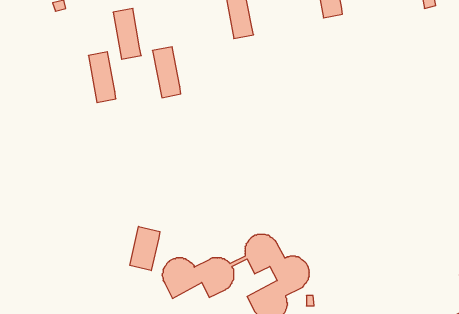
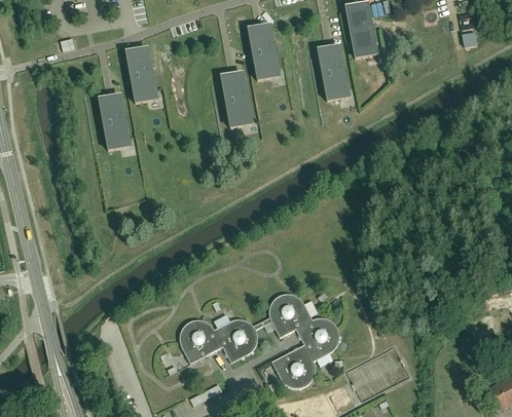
building: none -> [319,45,349,101]
building: [152,47,181,98] -> [221,72,252,127]
building: [130,226,160,271] -> none

